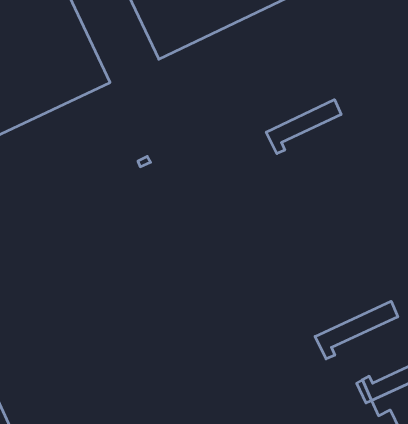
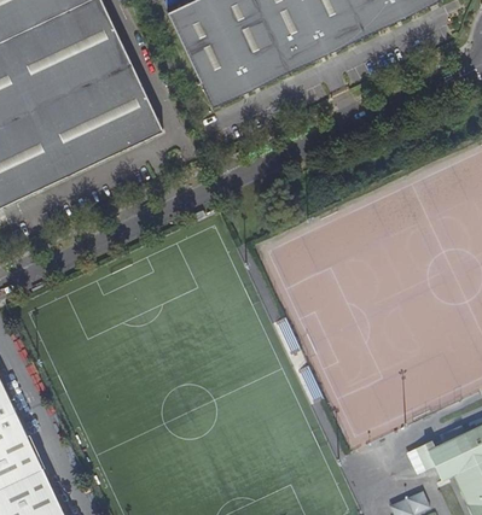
building: [266,100,341,154] -> none
building: [315,301,398,359] -> none

